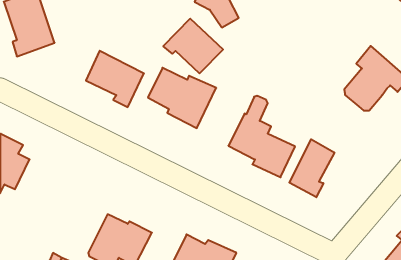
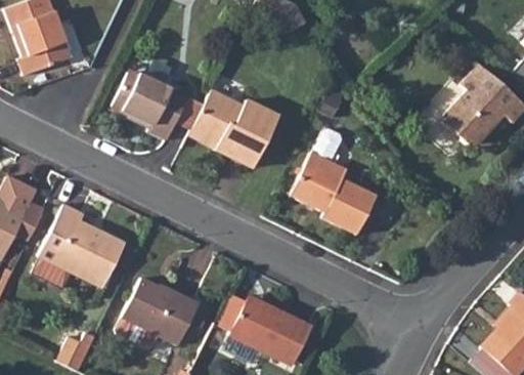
building: [163,19,223,73] -> none
building: [289,139,334,197] -> none
building: none -> [32,206,123,289]

